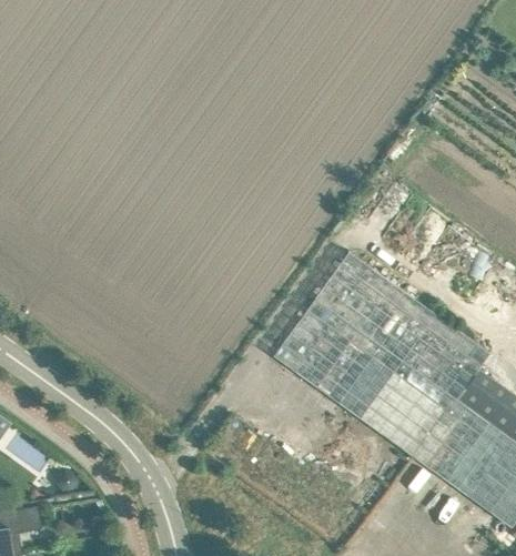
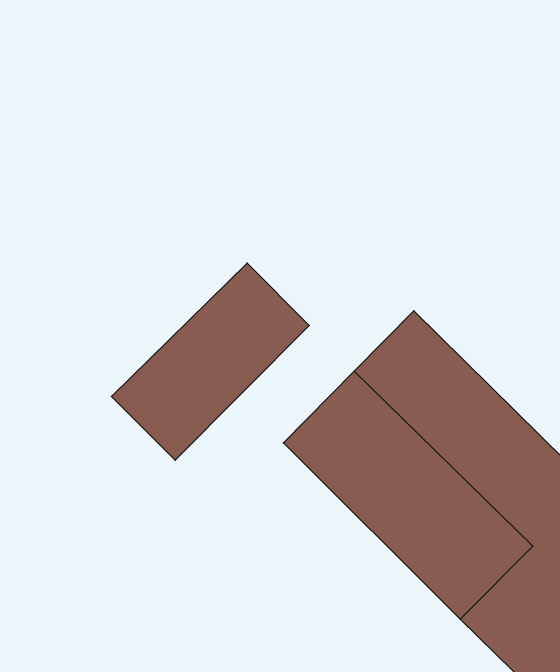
building: none -> [112,263,309,460]

